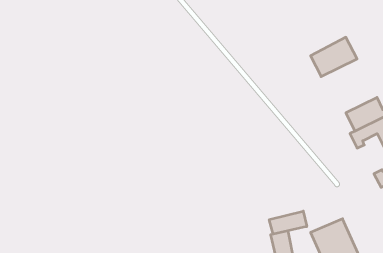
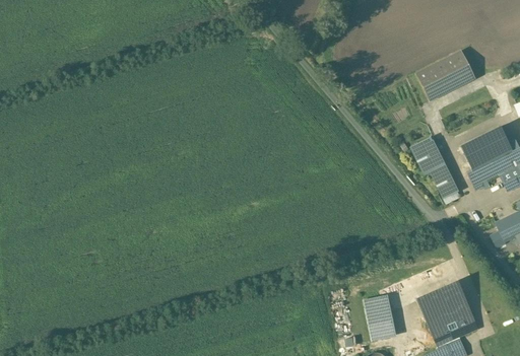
building: none -> [411,136,461,203]
building: [269,211,307,234] -> none

